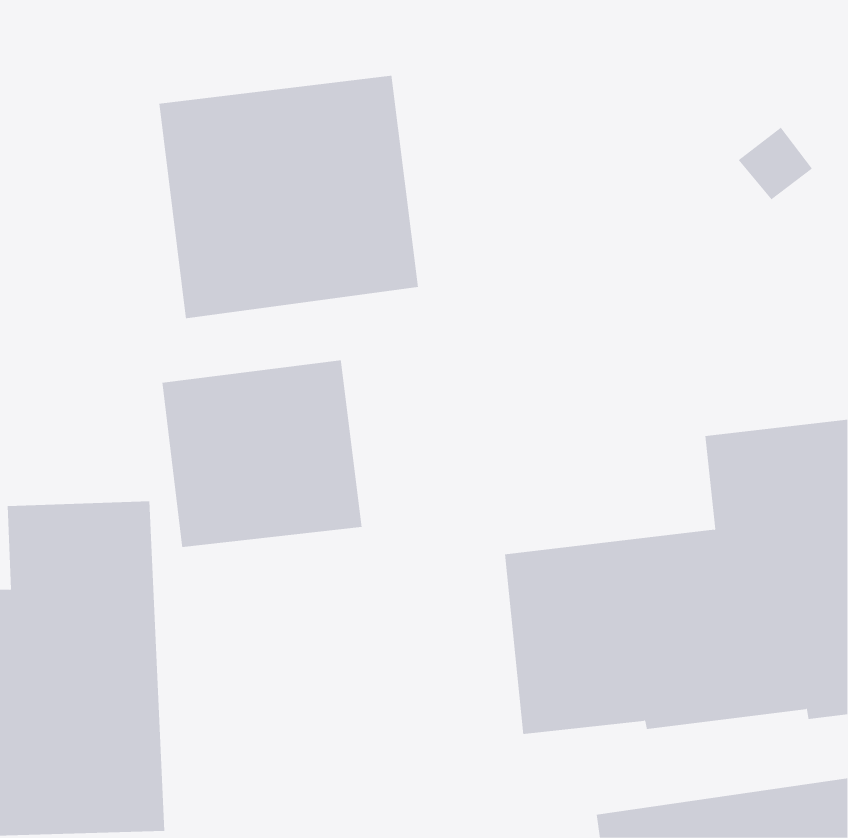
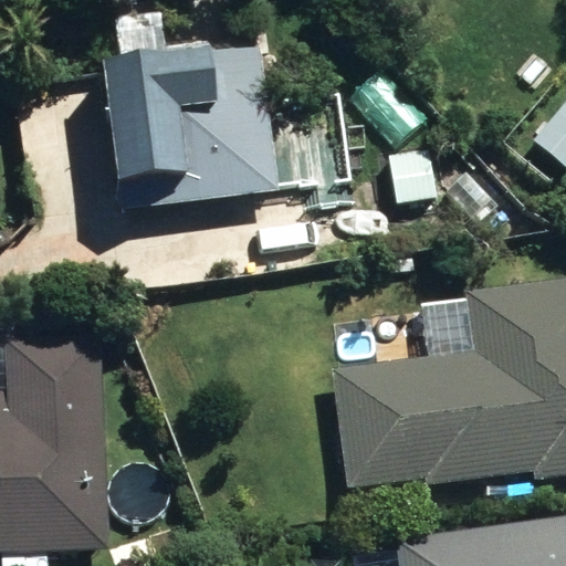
building: [162,359,362,548] -> none

